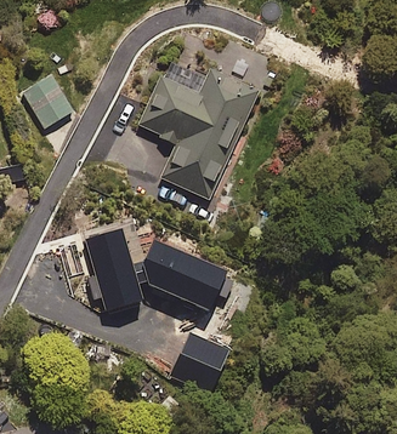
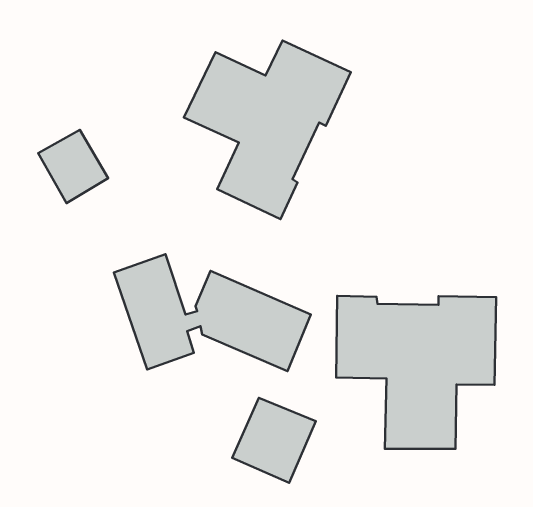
building: [27,76,78,130] -> [38,130,108,203]
building: none -> [336,296,496,449]

